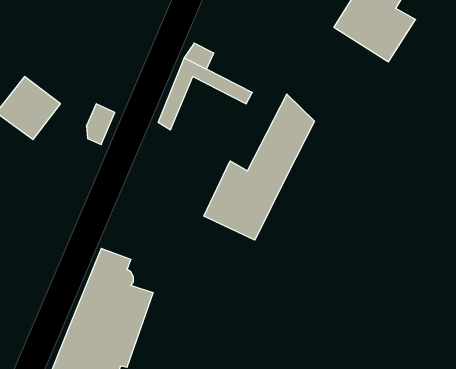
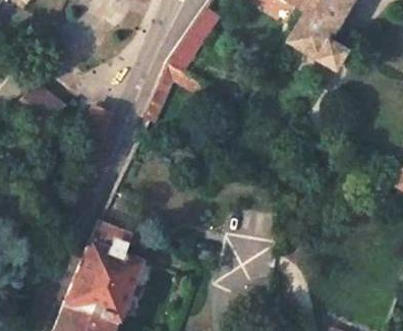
building: [204,94,314,240] -> none

